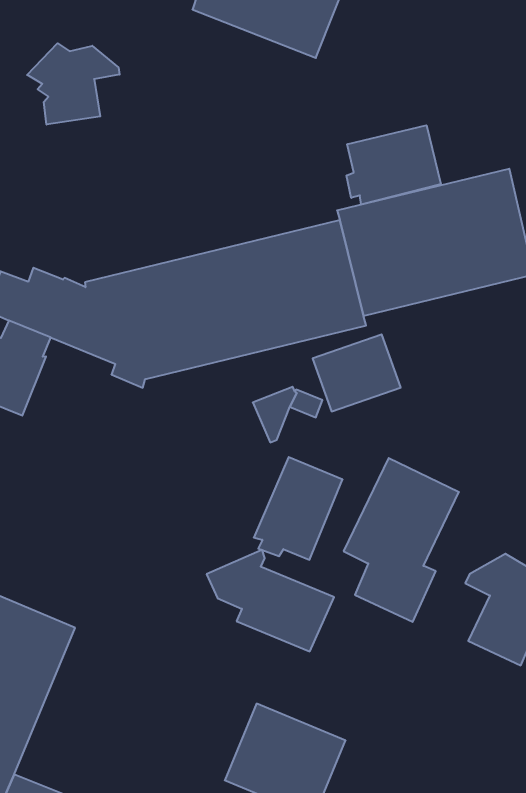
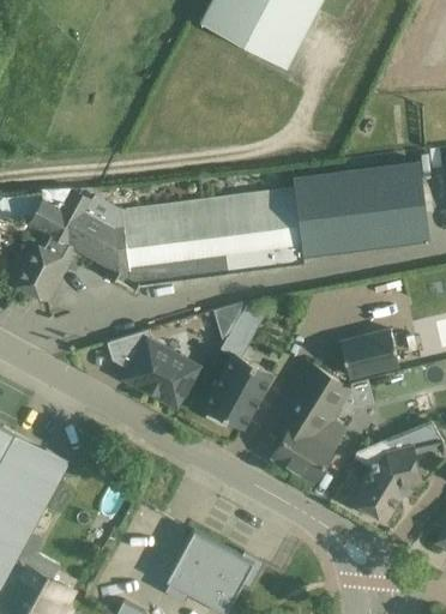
building: [27,43,120,125] -> none
building: [347,125,441,205] -> none
building: [313,334,401,411] -> [340,329,402,380]
building: [207,550,334,651] -> [109,327,199,404]

